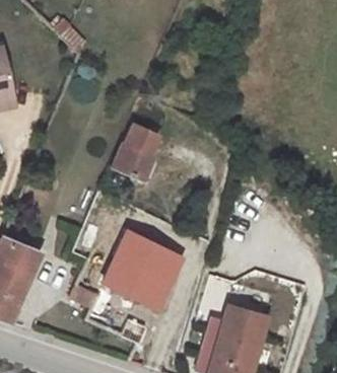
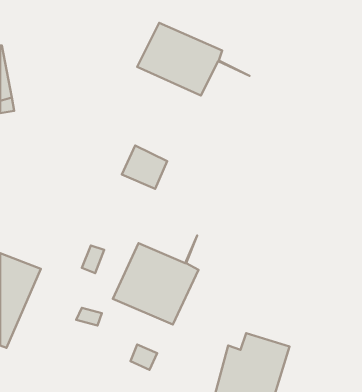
building: none -> [137,23,250,96]
building: [125,118,164,154] -> none

